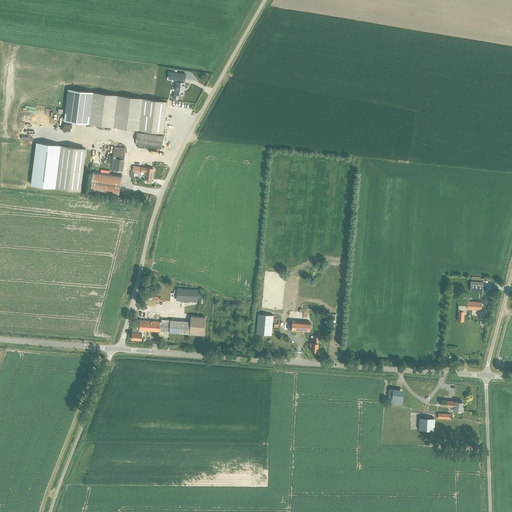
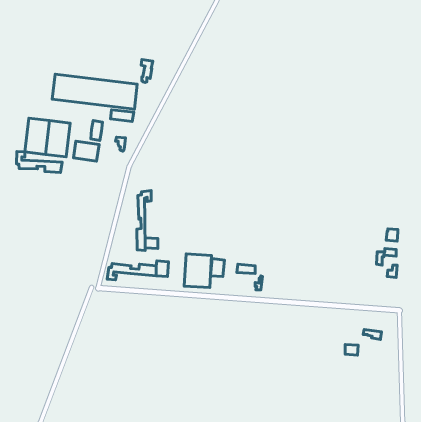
building: none -> [17,152,62,172]
building: none -> [137,190,151,250]
building: none -> [184,254,212,288]

